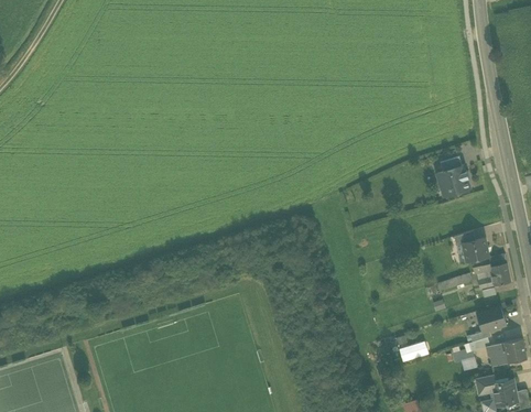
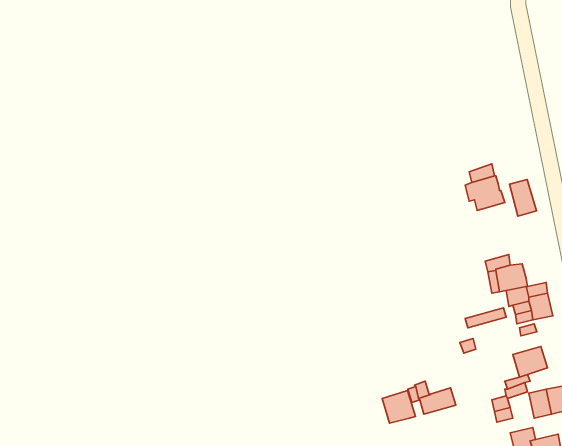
building: none -> [509,179,537,216]
building: none -> [382,391,416,423]

